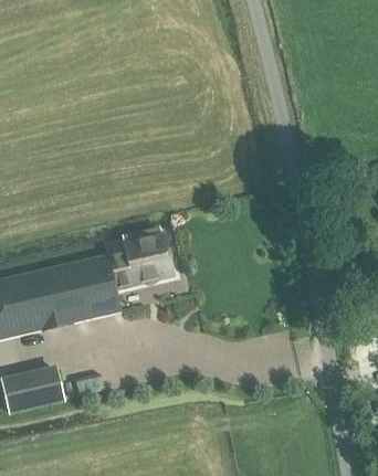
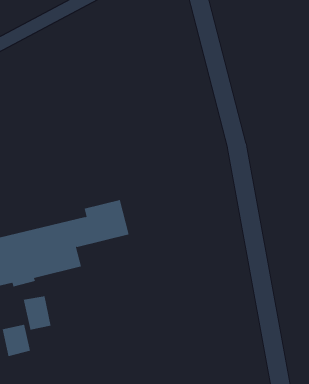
building: none -> [23,296,51,331]

